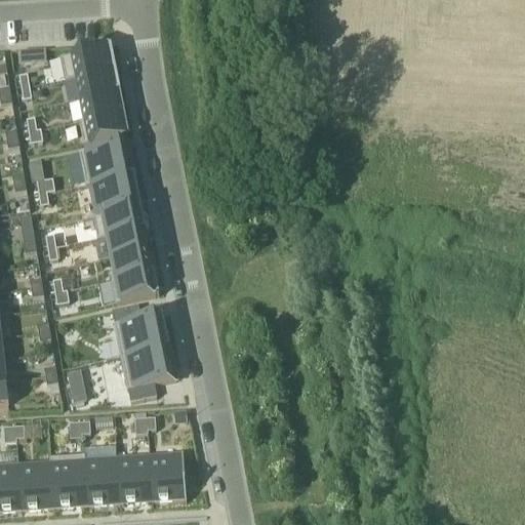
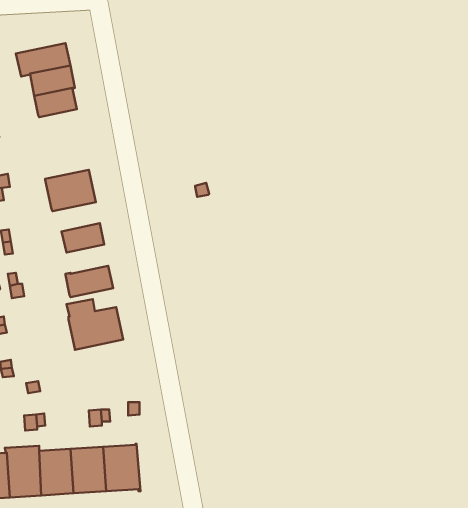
building: [78,111,125,143] -> none
building: [78,139,133,184] -> none
building: [91,205,145,237] -> none
building: [111,248,153,278] -> none
building: [119,345,174,400] -> none

